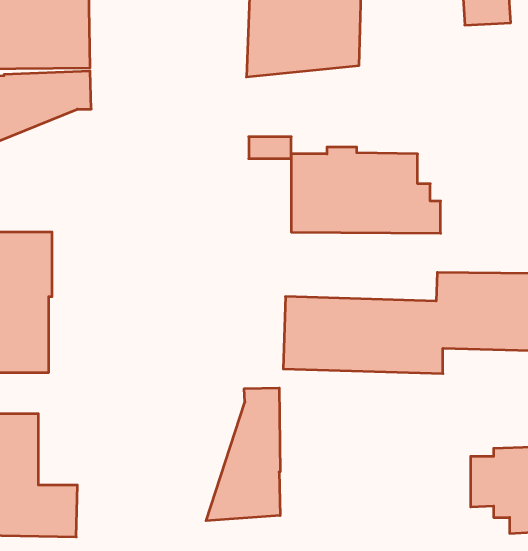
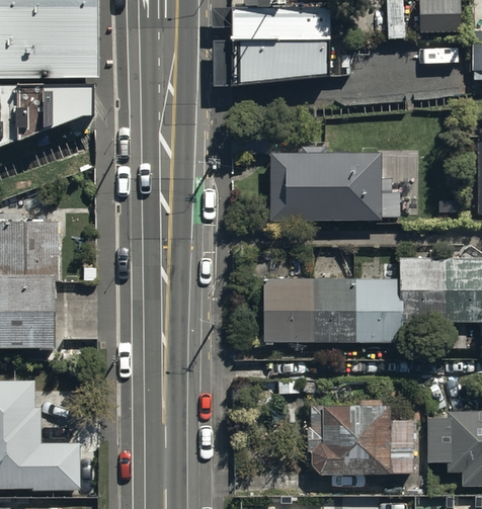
building: [206,388,280,521] -> none
building: none -> [306,404,413,473]

